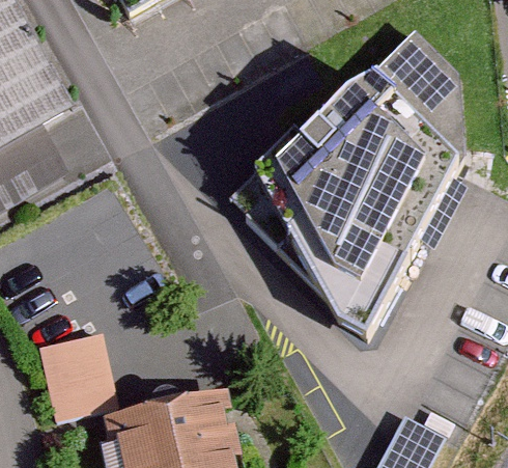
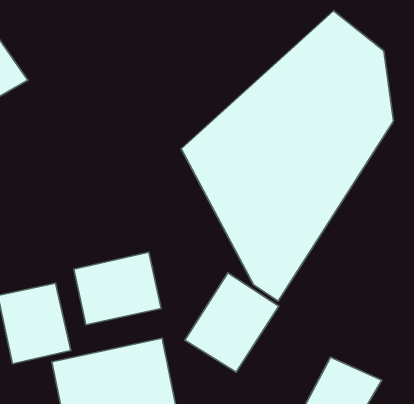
building: none -> [74,252,161,325]
building: none -> [185,273,279,372]

